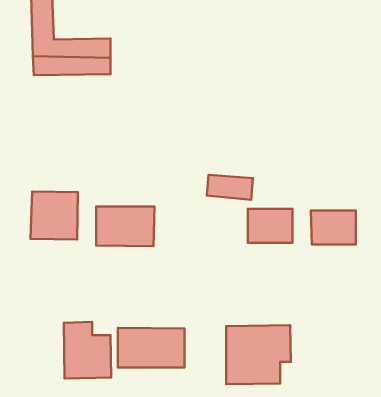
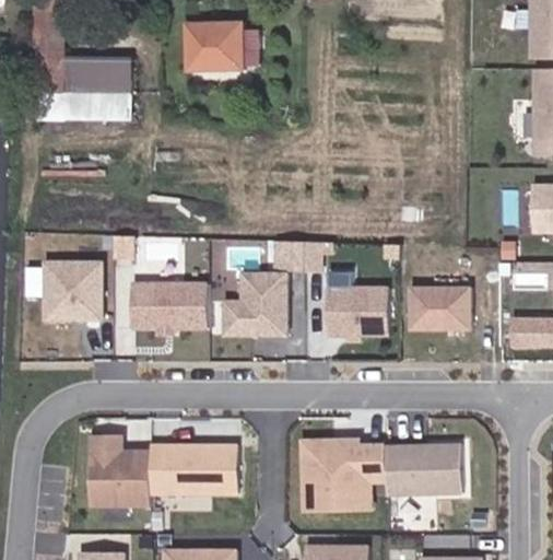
building: none -> [199,25,258,73]
building: none -> [221,270,289,338]
building: none -> [387,444,462,499]

